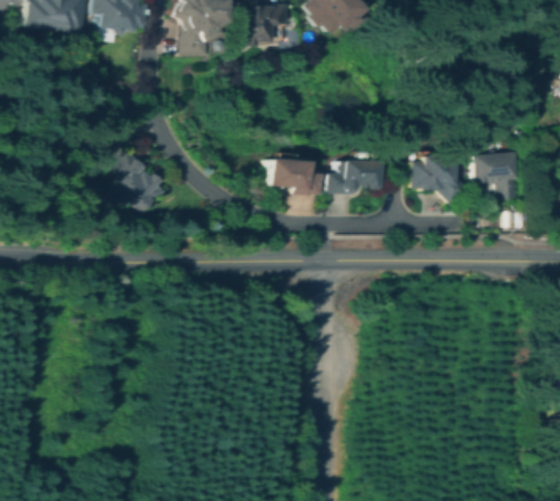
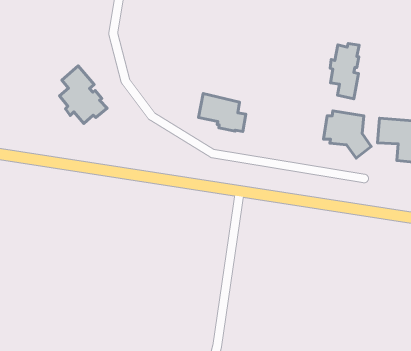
building: none -> [330,43,359,99]
building: [333,160,381,193] -> none

